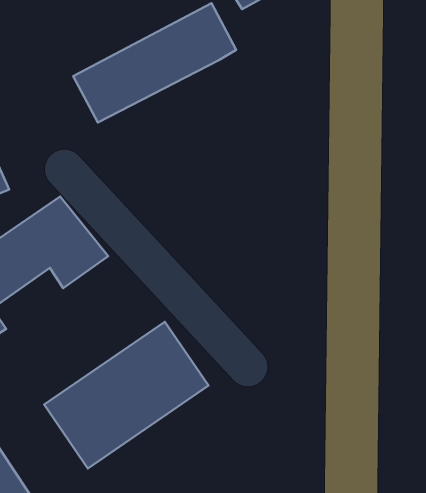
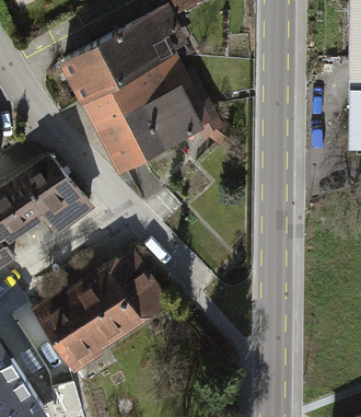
building: none -> [82,56,217,175]

